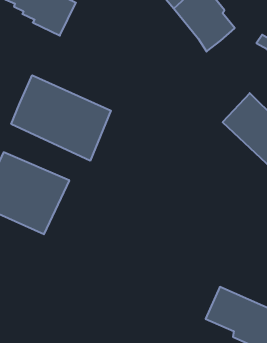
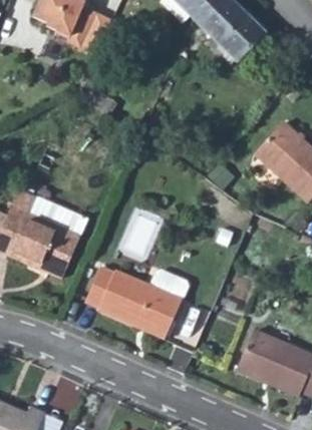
building: [11,75,111,161] -> none
building: none -> [85,257,191,330]

